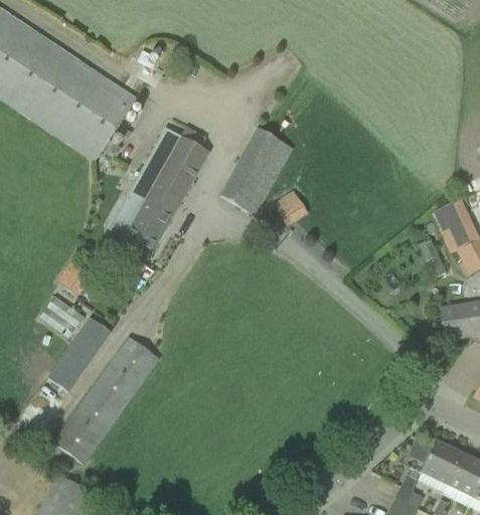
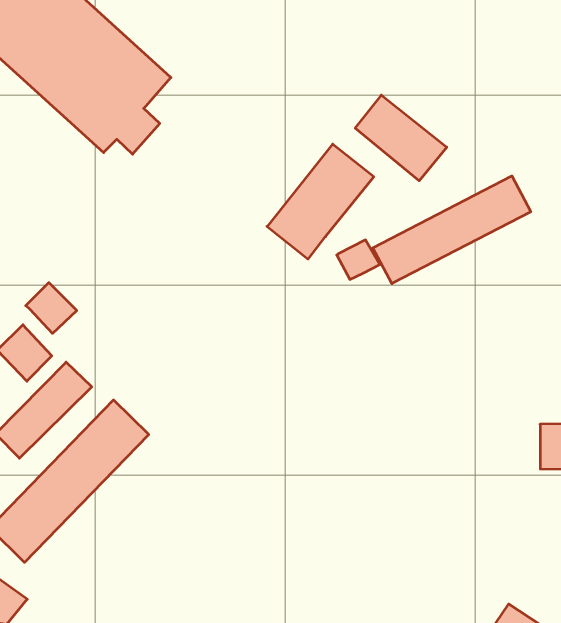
building: none -> [355,95,447,181]
building: [108,126,206,254] -> none
building: none -> [373,176,531,284]

